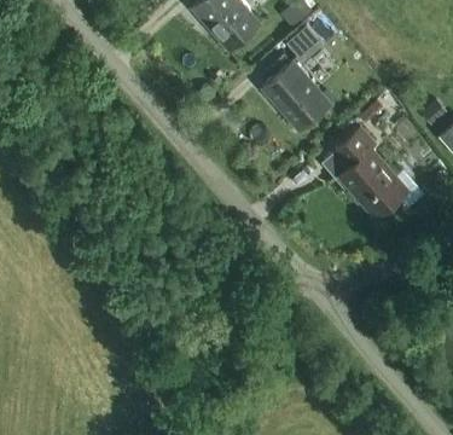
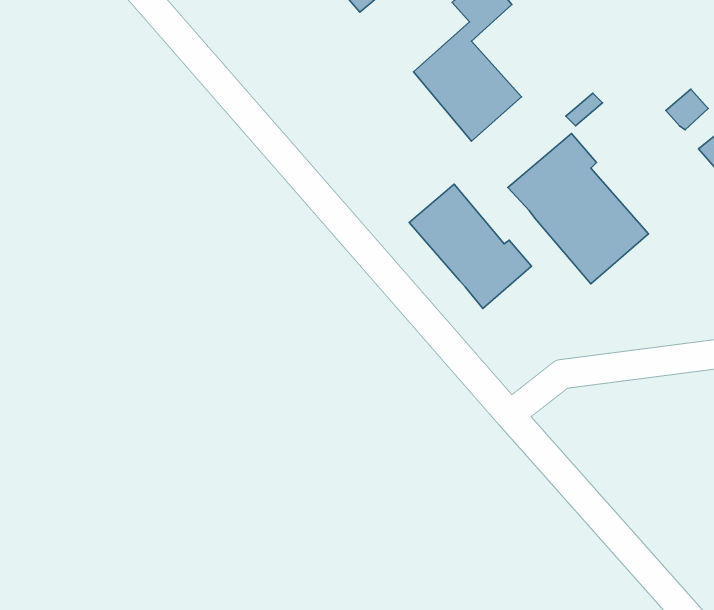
building: none -> [409,184,531,308]

